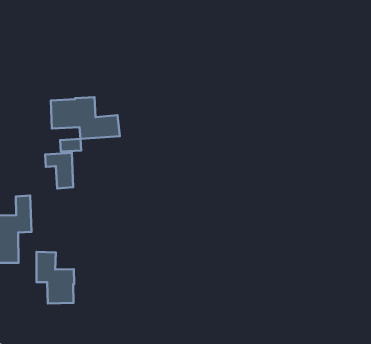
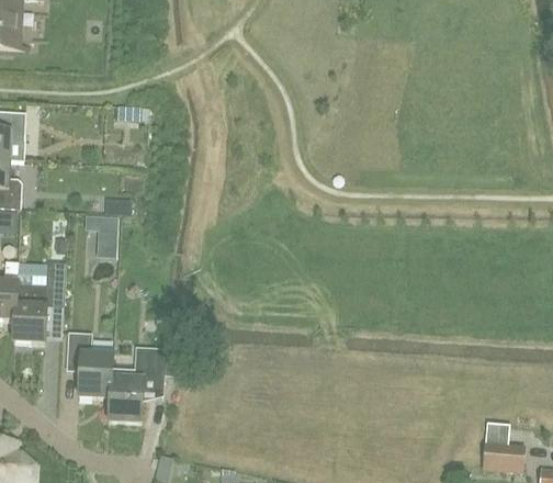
building: [51,97,120,139] -> none
building: none -> [108,347,165,423]

